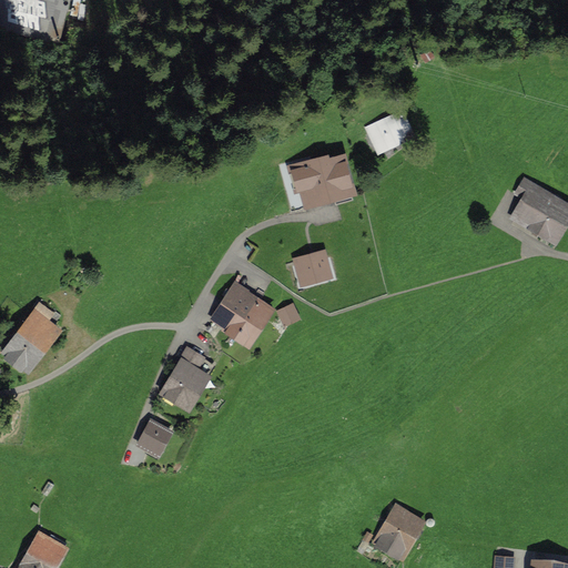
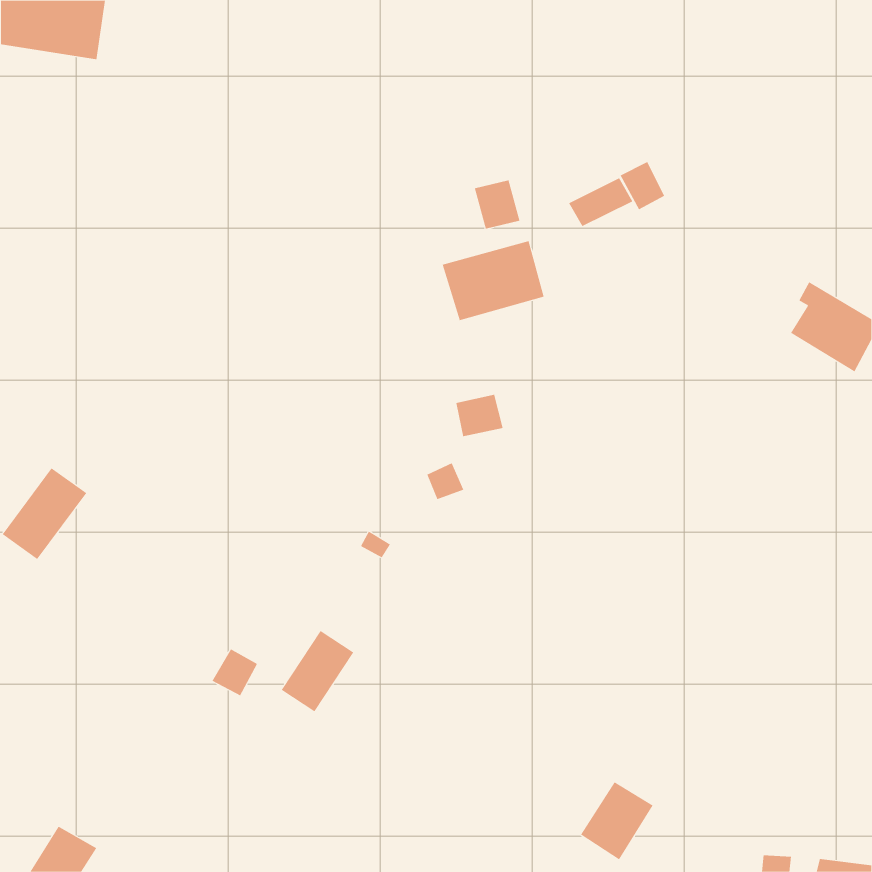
building: none -> [620,161,665,210]
building: none -> [474,180,520,230]
building: [214,286,270,341] -> none
building: [162,346,210,399] -> [281,630,354,712]

